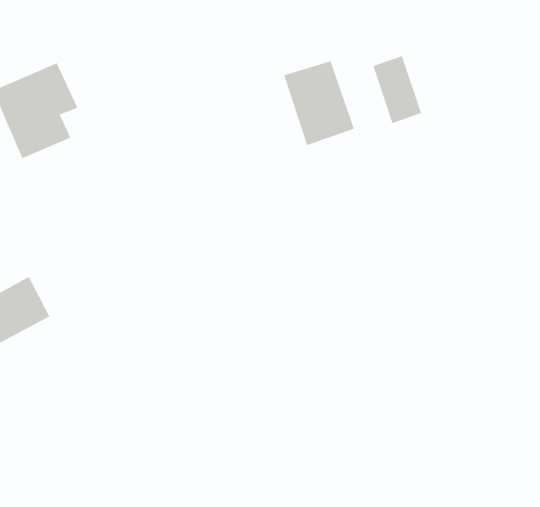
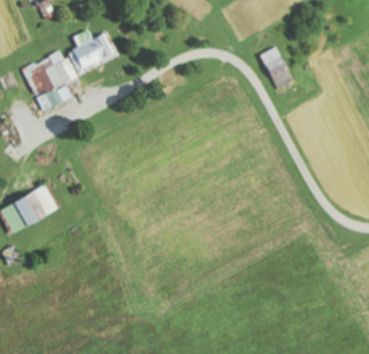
building: none -> [69,30,120,75]
building: [283,60,355,146] -> none

